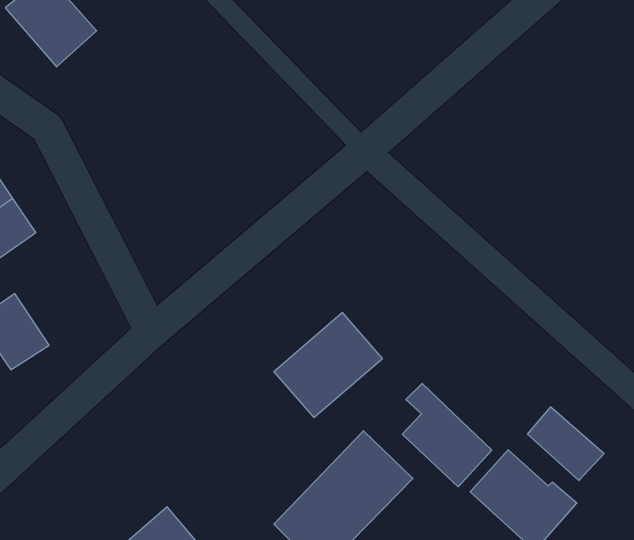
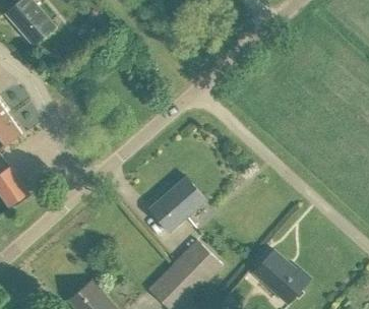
building: [402,383,492,487] -> none
building: [528,407,604,481] -> none

